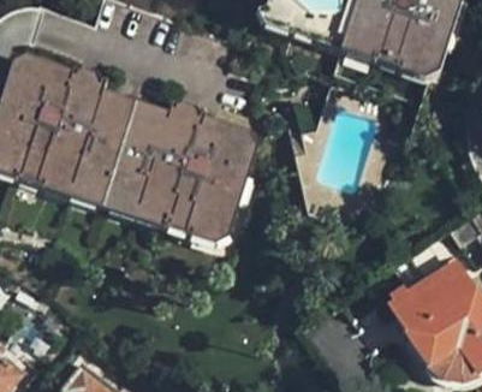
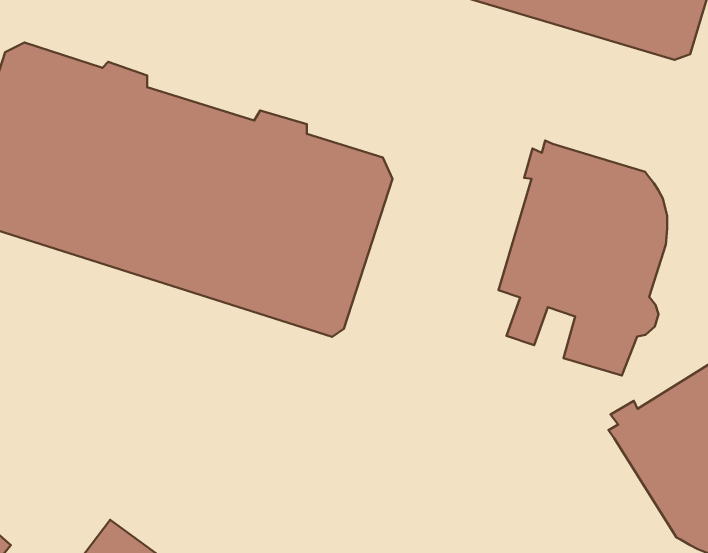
building: none -> [498,141,667,375]

